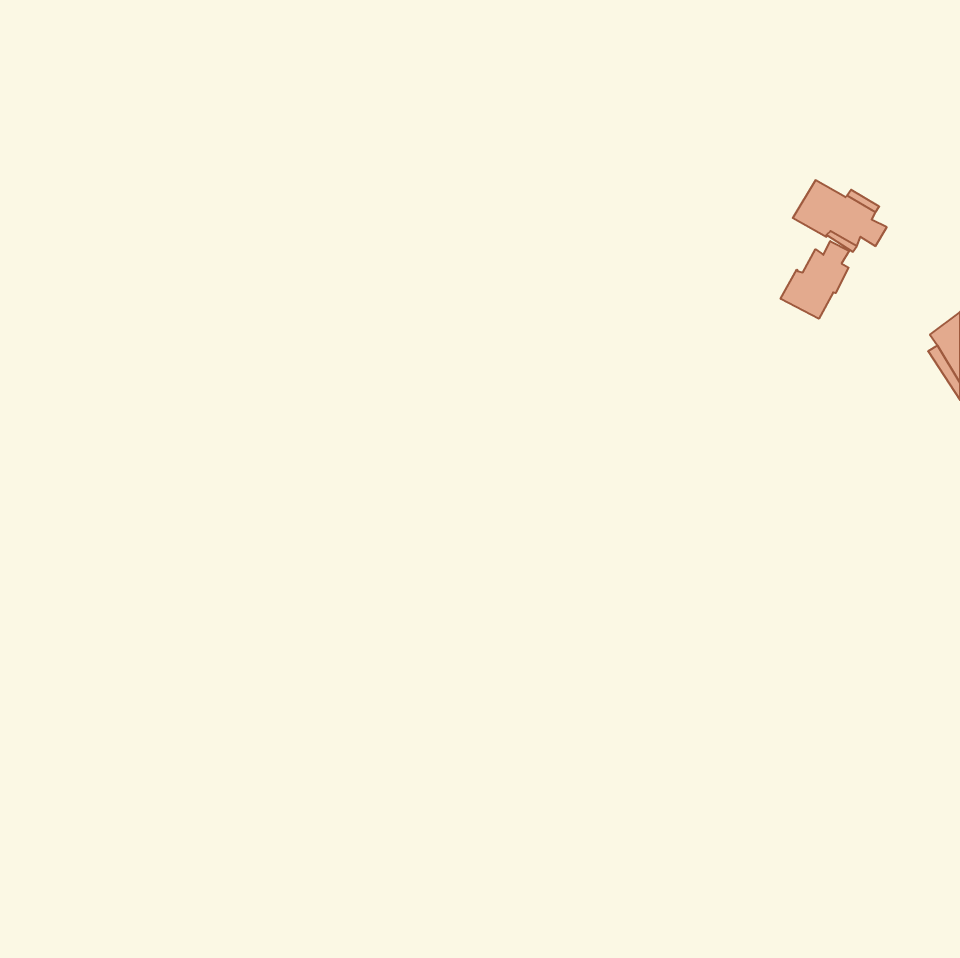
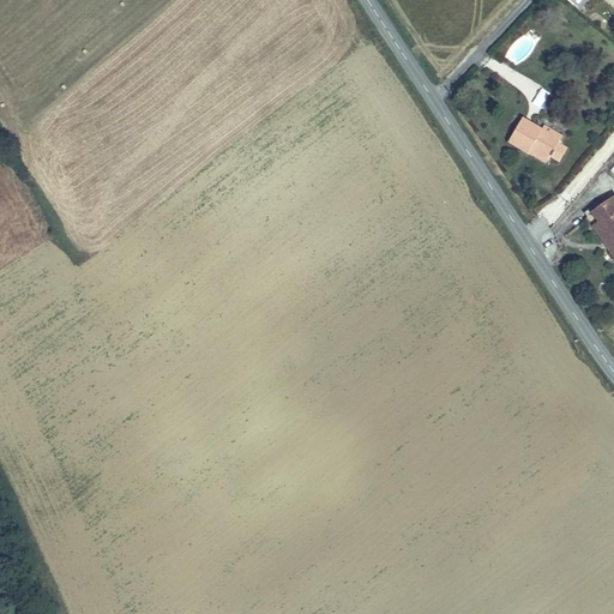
building: [781,241,849,319] -> none

